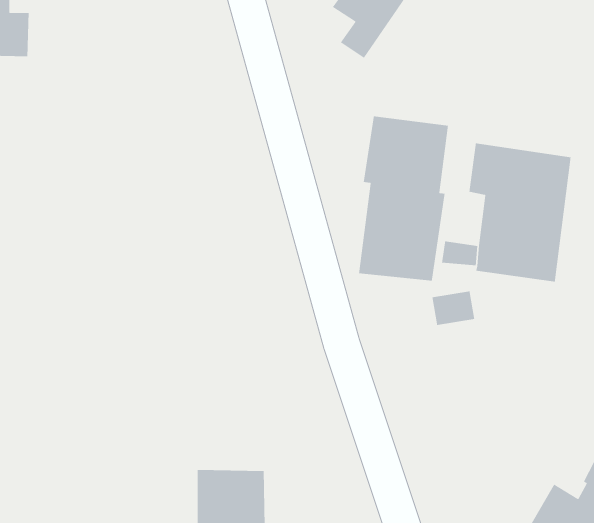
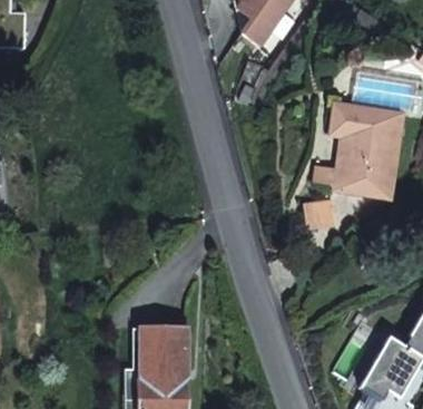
building: [358,115,449,282] -> none

